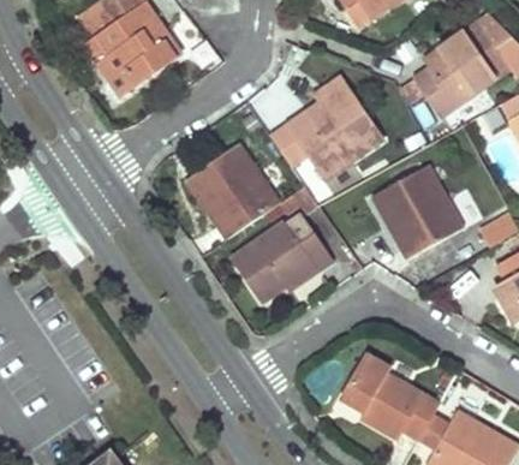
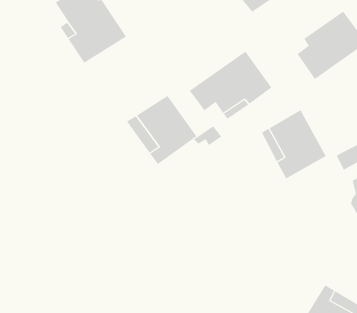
building: [232,220,334,302] -> none
building: [339,352,442,442] -> none

